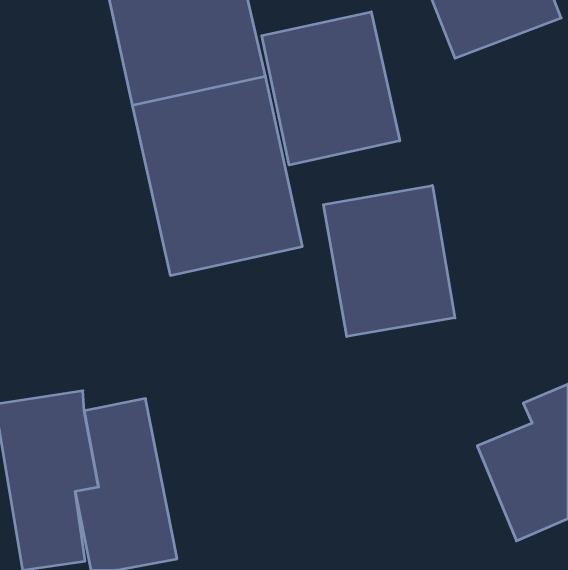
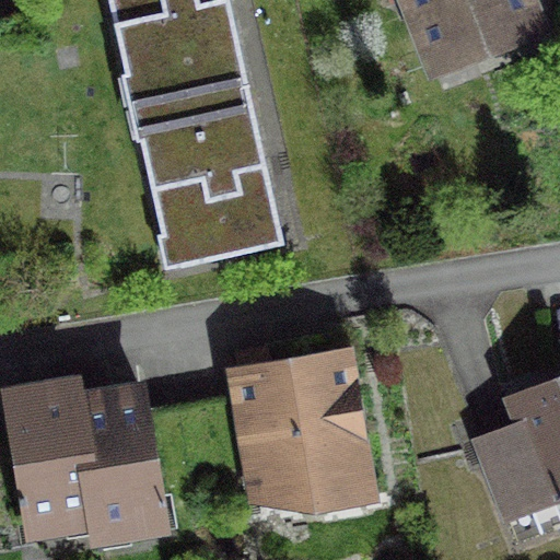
building: [262,12,400,165] -> none
building: [323,185,455,337] -> none
building: none -> [235,345,384,515]

